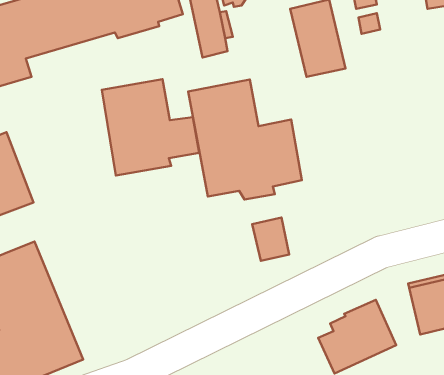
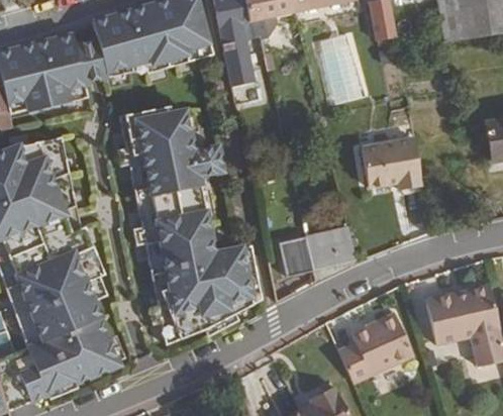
building: [188,80,302,200] -> [153,207,259,319]
building: none -> [360,136,420,189]
building: none -> [305,225,356,270]

